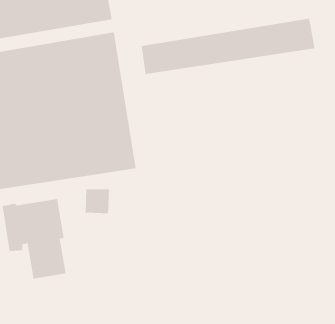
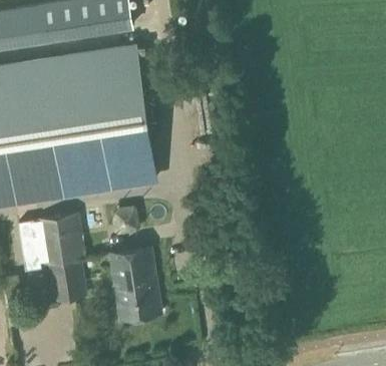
building: [141,18,315,75] -> none
building: none -> [107,247,160,320]

